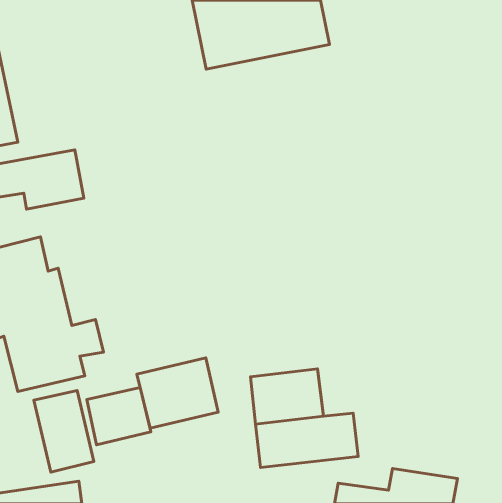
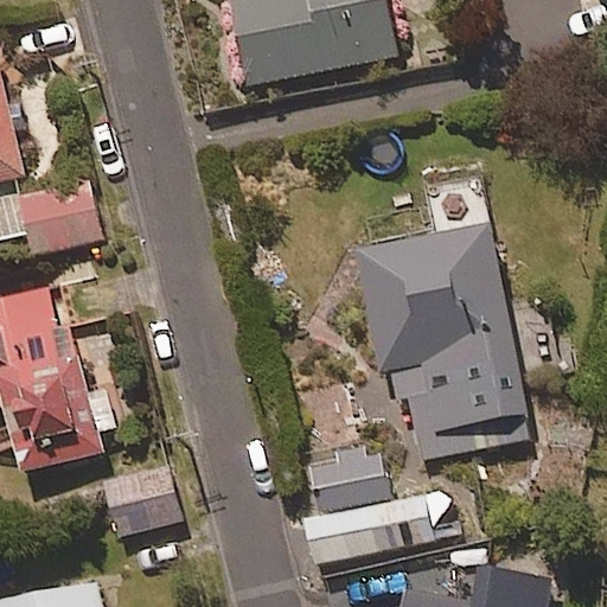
building: none -> [357,223,529,459]
building: [137,358,218,428] -> none
building: [34,390,94,472] -> none

